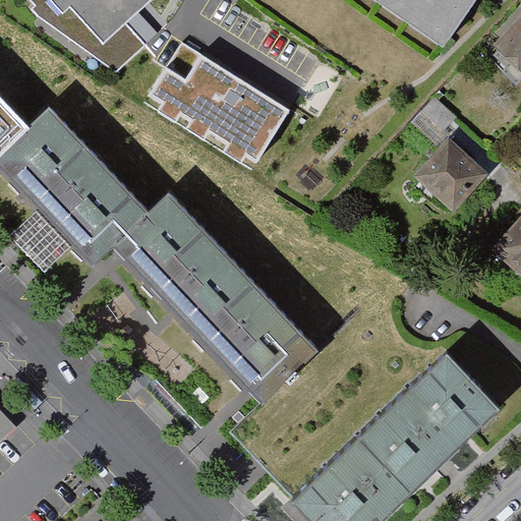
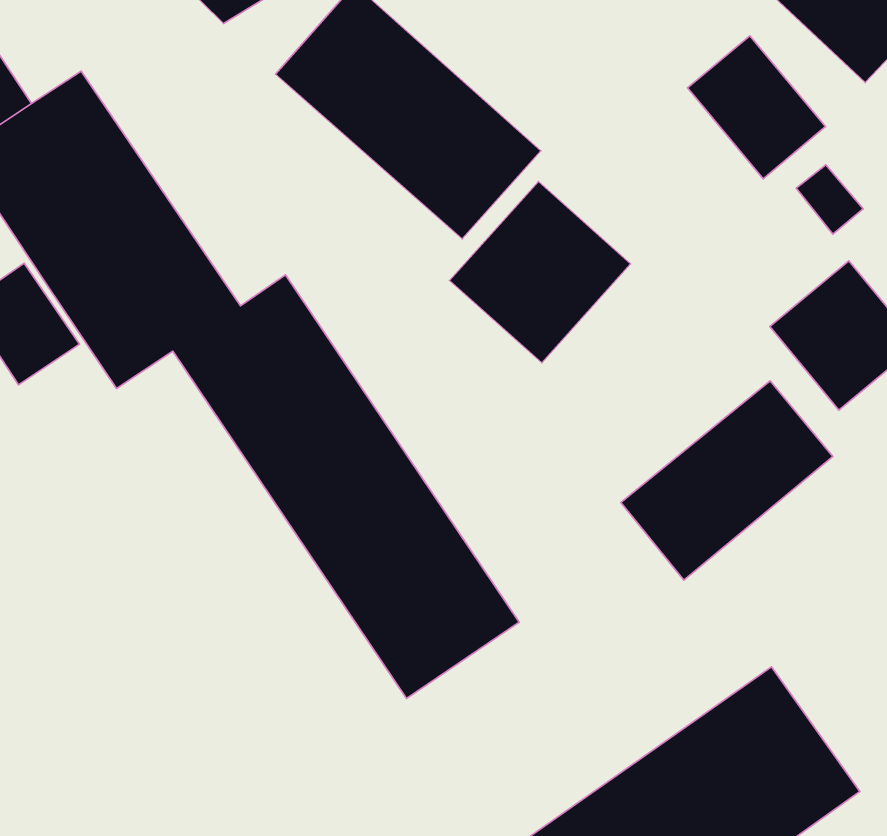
building: none -> [688,36,826,179]
building: none -> [450,181,631,363]
building: none -> [621,381,833,580]

